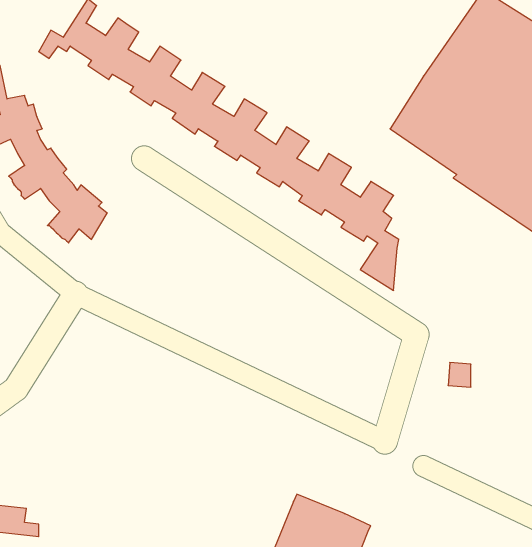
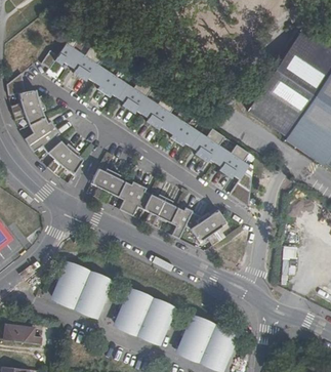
building: none -> [91,167,227,243]
building: none -> [53,270,110,320]
building: none -> [116,296,171,345]

